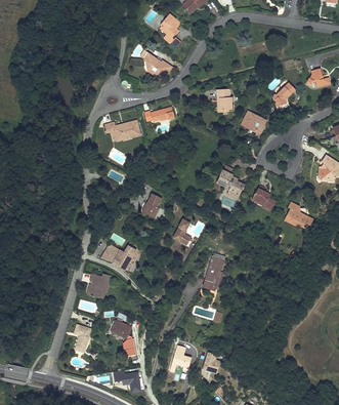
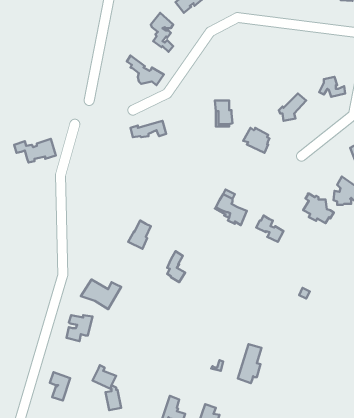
building: [104,120,140,140] -> [14,139,56,162]
building: [286,203,312,229] -> [303,194,334,223]
building: [203,256,223,290] -> [238,344,262,383]

